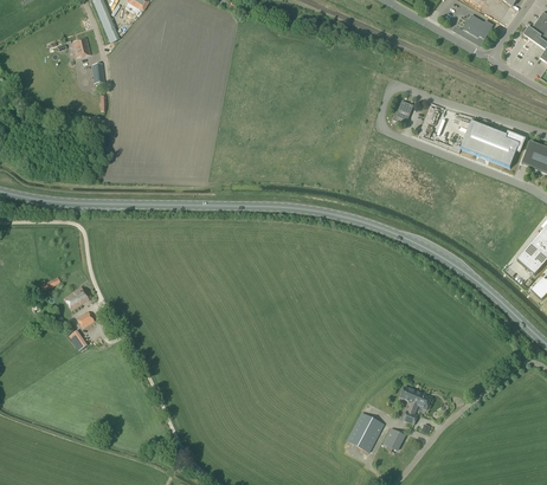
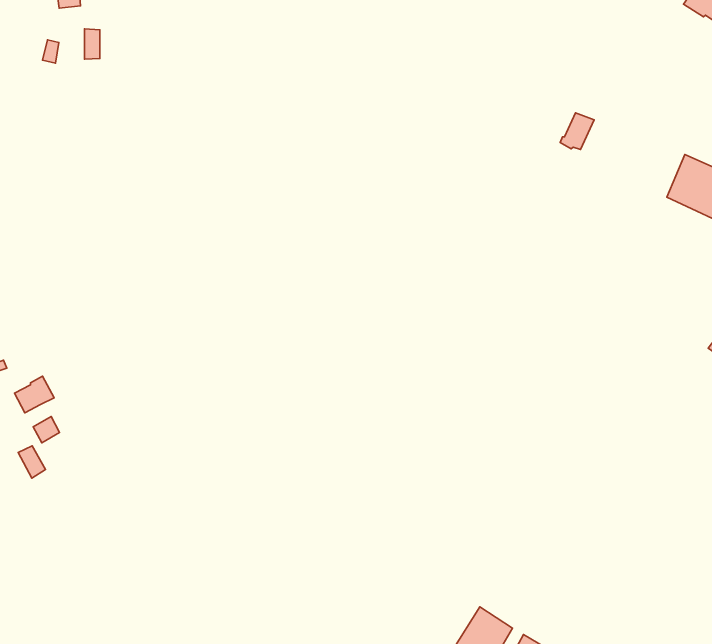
building: [400,386,432,423] -> none

